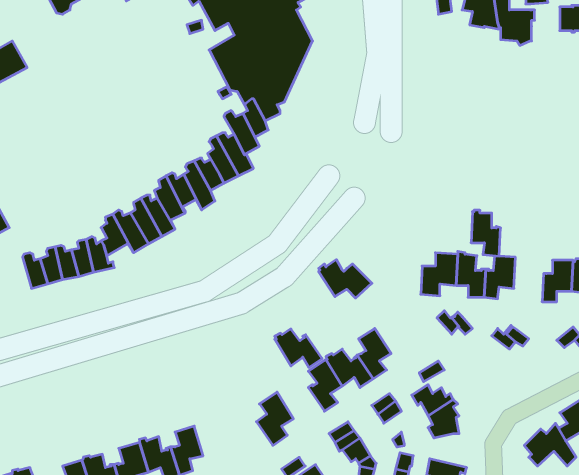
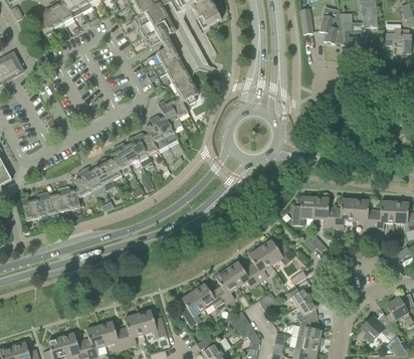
building: [471,210,501,256] -> [354,197,374,228]
building: [319,260,372,298] -> [259,238,295,264]
building: [275,329,322,367] -> [193,283,225,309]
building: none -> [137,309,167,337]
building: none -> [296,318,323,341]

